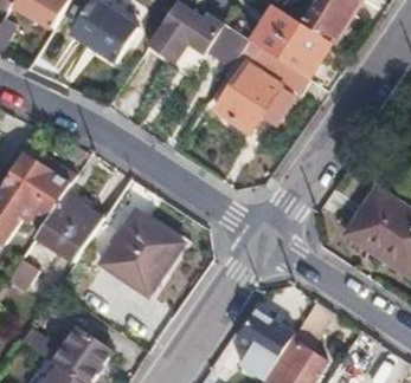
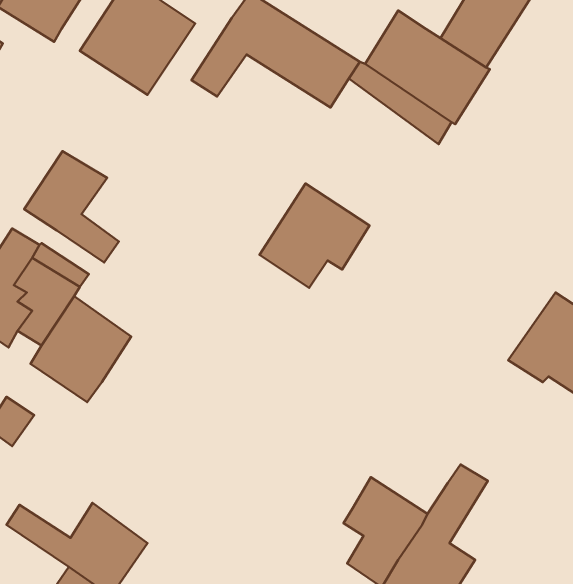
building: [214,65,285,132] -> [260,184,369,288]
building: none -> [24,151,119,263]
building: [101,214,181,294] -> none

